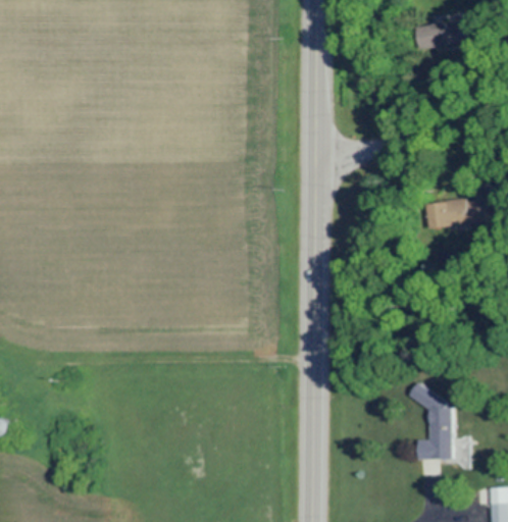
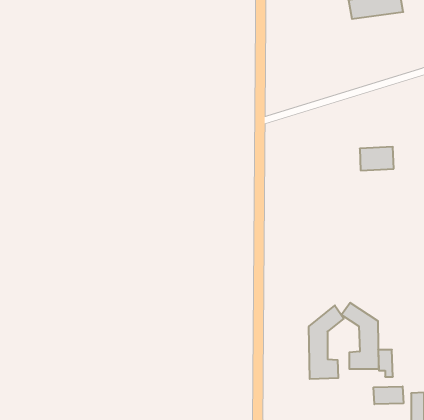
building: none -> [309,305,344,379]
building: none -> [374,386,403,404]

